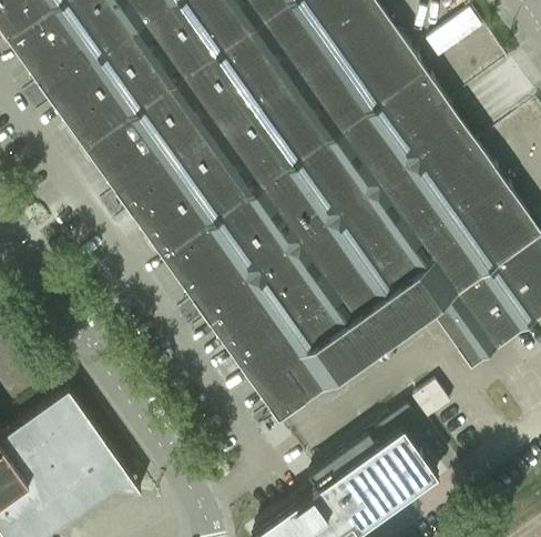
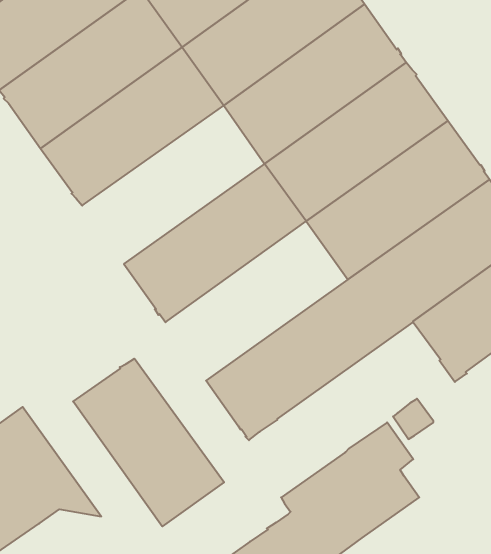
building: [125,112,295,260] -> none
building: [203,220,372,368] -> none
building: none -> [73,359,224,526]

